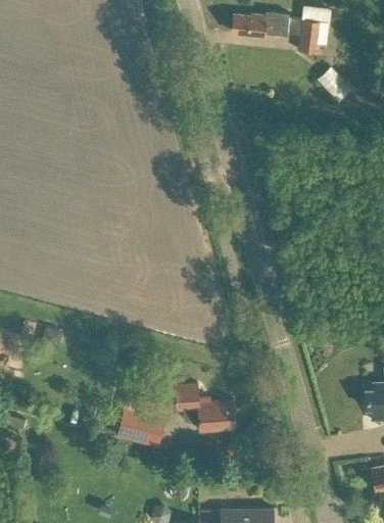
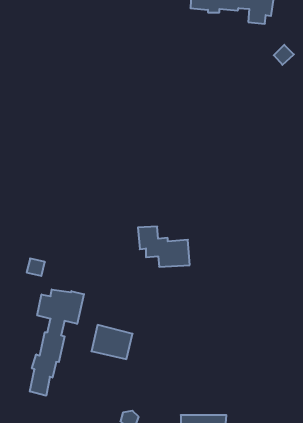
building: none -> [30,289,84,396]
building: [174,383,234,430] -> [138,227,190,267]

